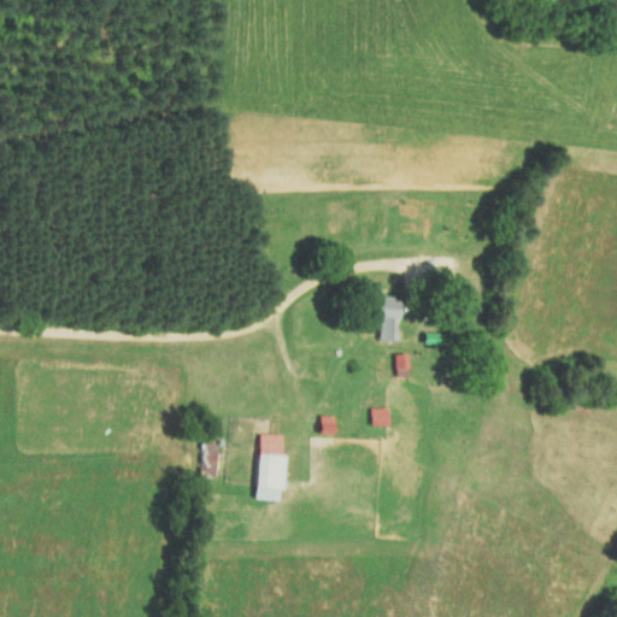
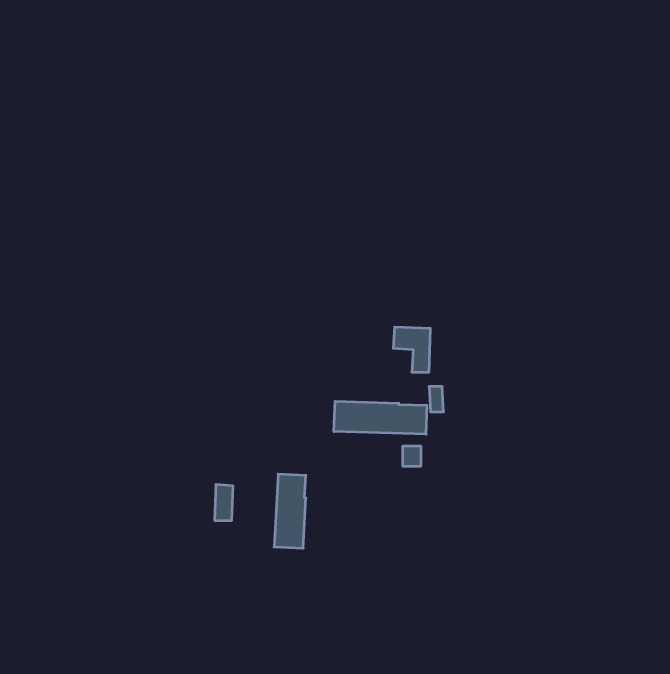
building: none -> [334,401,427,434]

